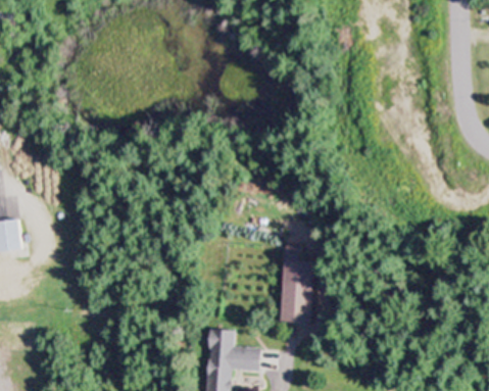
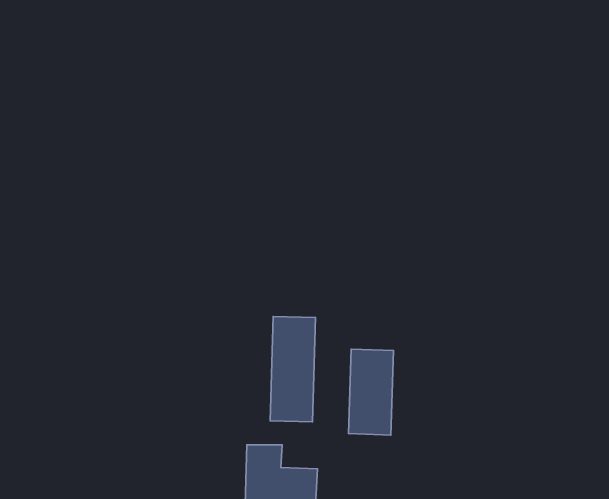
building: none -> [270,316,316,422]

